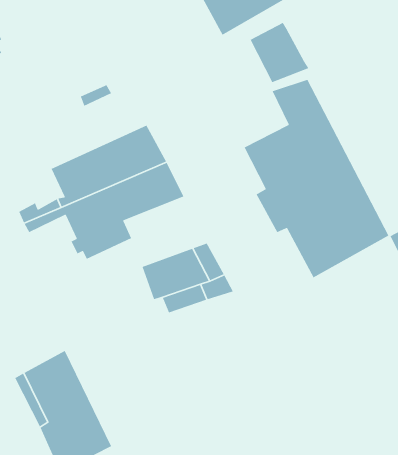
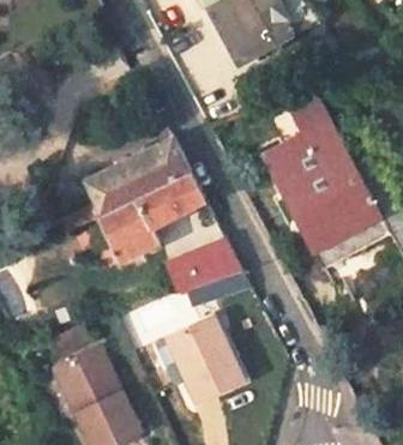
building: [250,22,309,83] -> none
building: none -> [167,313,245,403]

